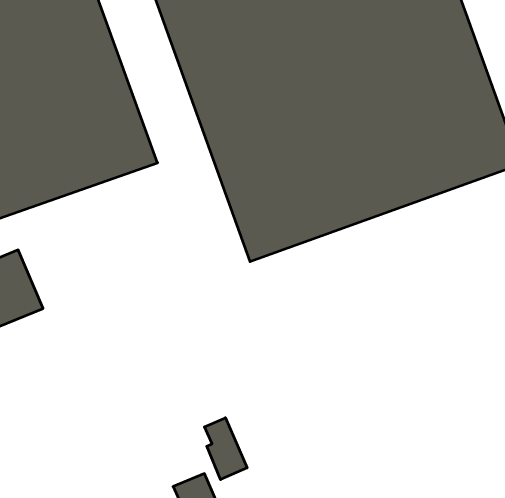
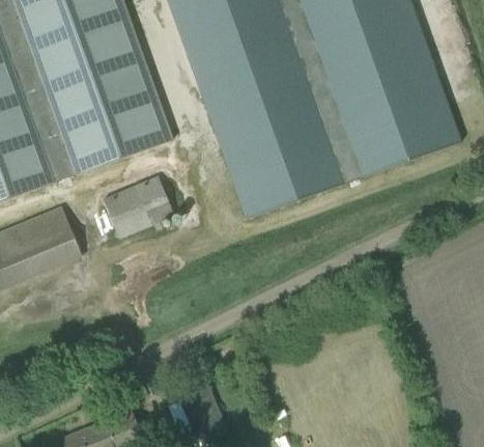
building: none -> [103,175,174,238]
building: [204,418,247,480] -> none

